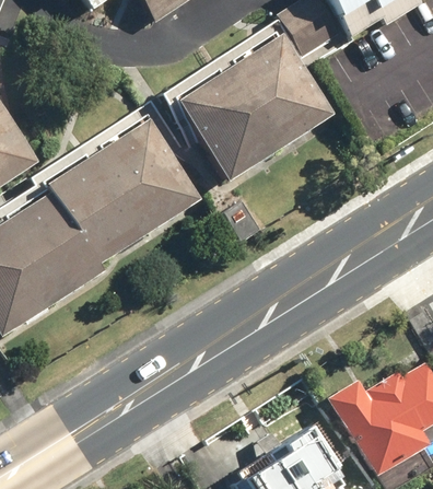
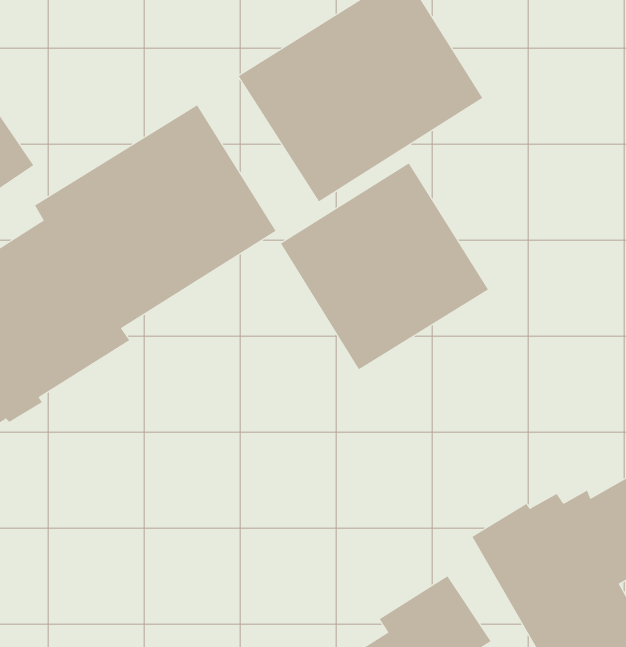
building: none -> [280,162,489,370]

